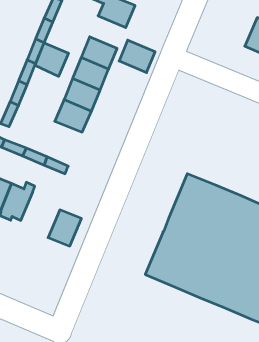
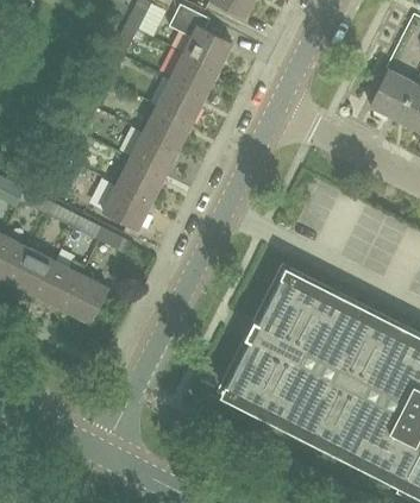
building: [119,40,155,73] -> [170,52,218,96]
building: [35,43,68,76] -> none
building: none -> [104,184,151,228]
building: [48,210,81,246] -> [63,275,108,322]

